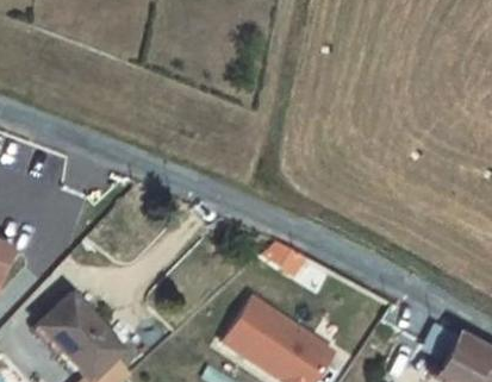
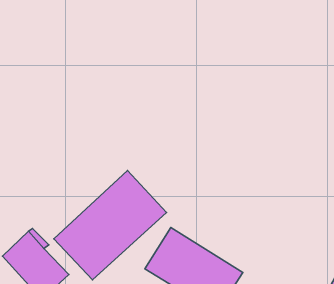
building: none -> [54,170,167,280]

